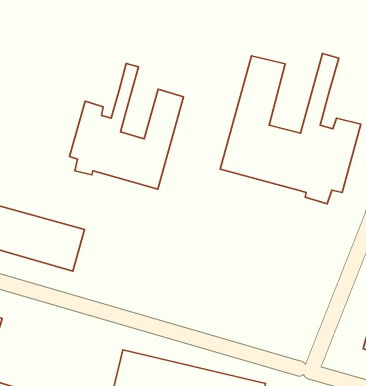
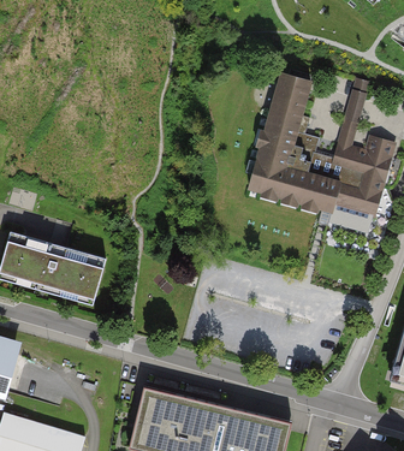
building: [70,64,183,189] -> none

